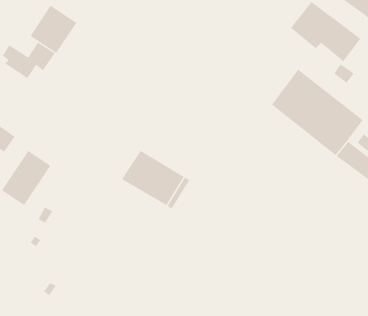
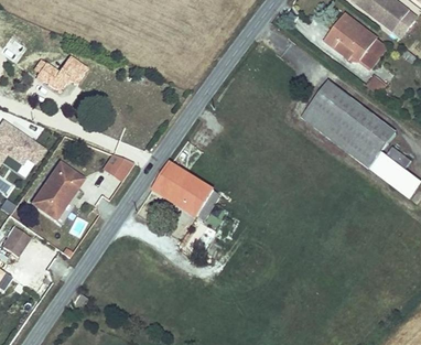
building: [30,5,77,54] -> none
building: none -> [101,153,133,181]

